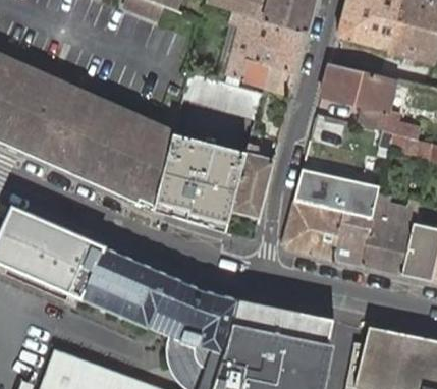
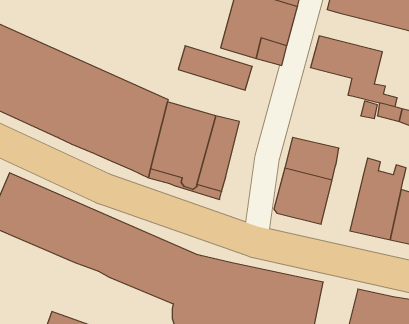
building: [233,131,274,218] -> none
building: [332,180,381,266] -> none

